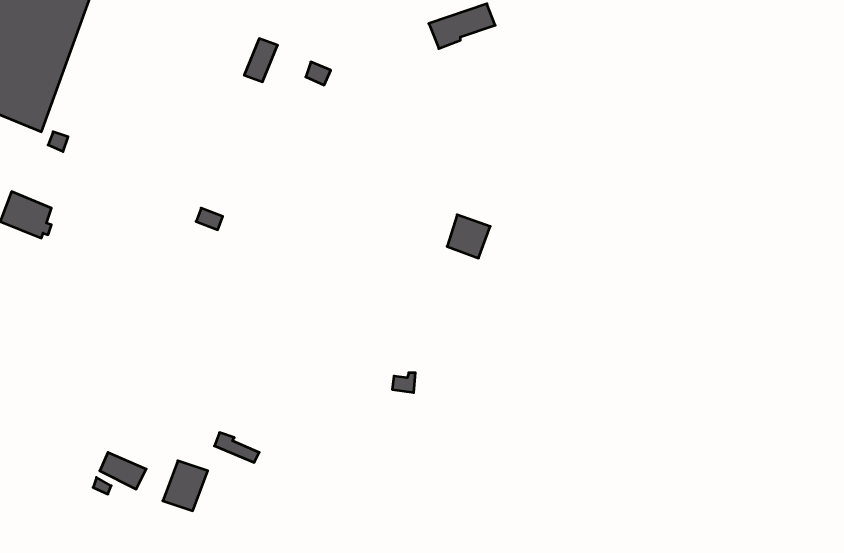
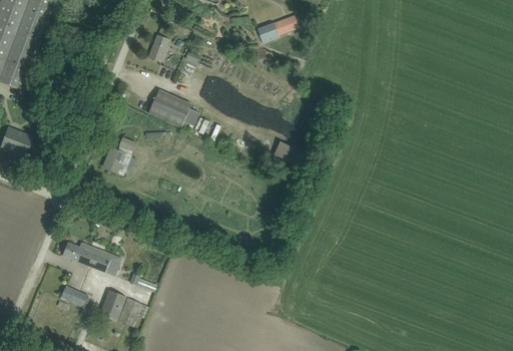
building: none -> [147,89,198,128]
building: none -> [102,148,128,174]
building: none -> [61,242,120,276]
building: none -> [117,297,148,325]

